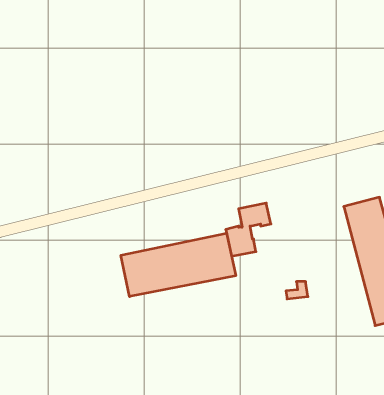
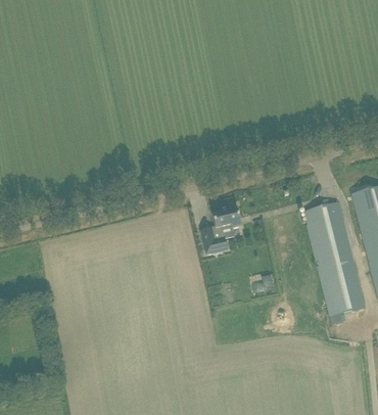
building: [121,233,236,297] -> none

